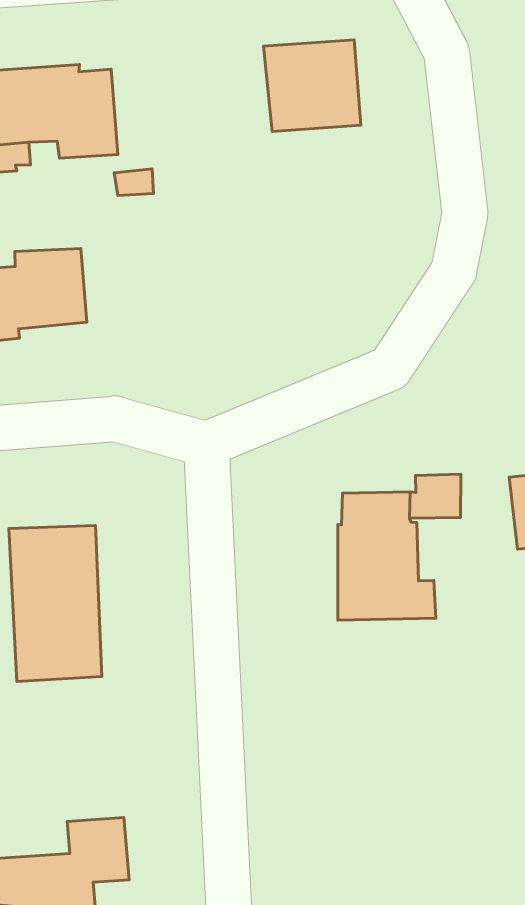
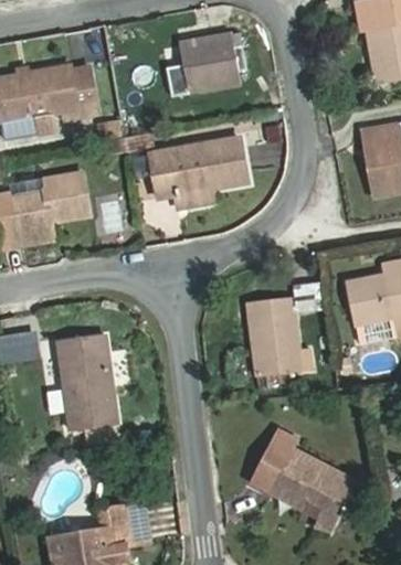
building: none -> [149,136,247,198]
building: none -> [251,429,358,525]

